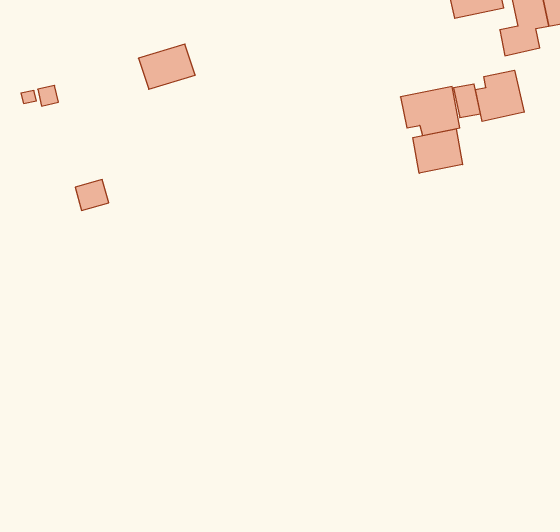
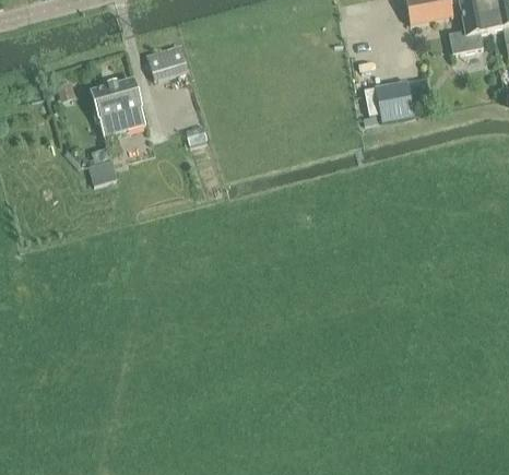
building: [475,70,524,121] -> none
building: none -> [92,78,146,134]
building: [413,129,463,173] -> none

